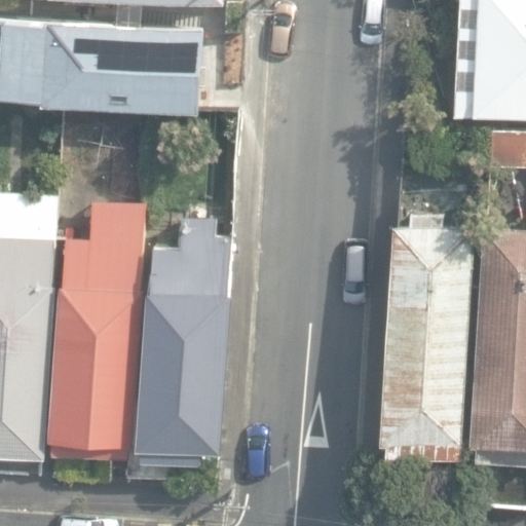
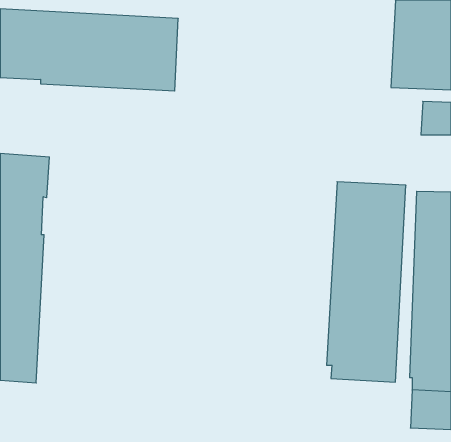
building: [49,198,140,459] -> none
building: [142,222,236,471] -> none

